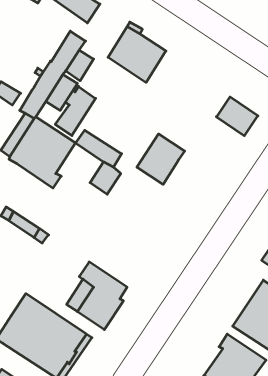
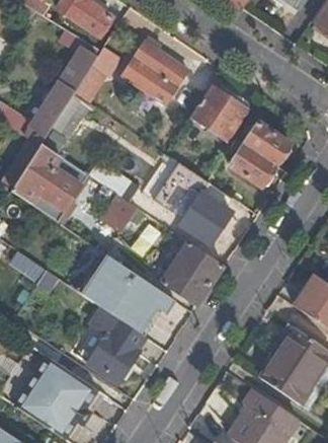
building: none -> [193,86,247,137]
building: [55,86,96,136] -> none
building: none -> [230,144,275,187]
building: none -> [181,193,232,244]
building: none -> [164,241,224,302]
building: none -> [75,250,175,336]

